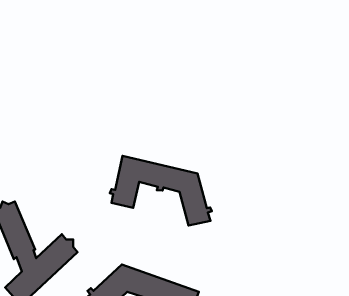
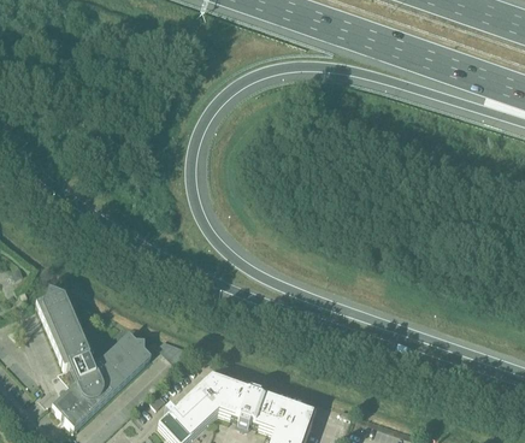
building: [110,156,212,225] -> none

